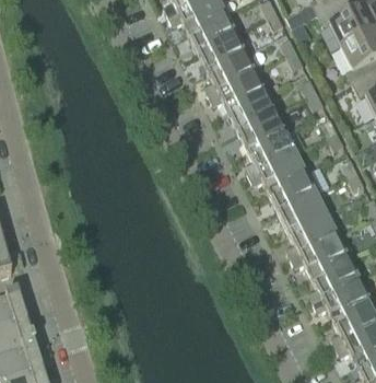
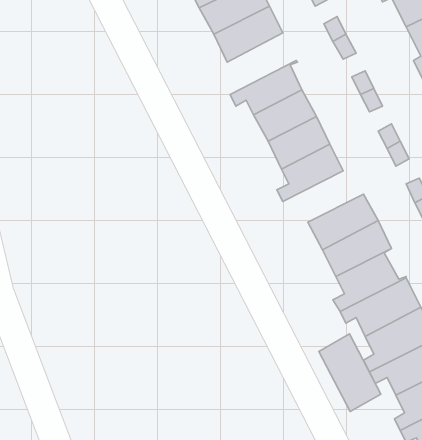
building: [204,49,258,95] -> none
building: [248,152,308,190] -> none
building: none -> [319,334,381,411]

